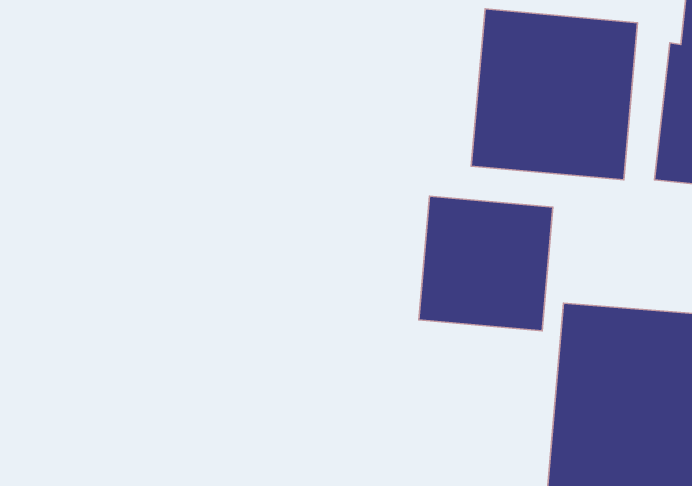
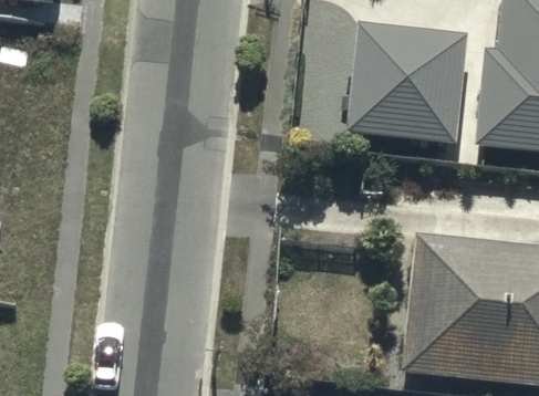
building: [419,196,553,331] -> none

